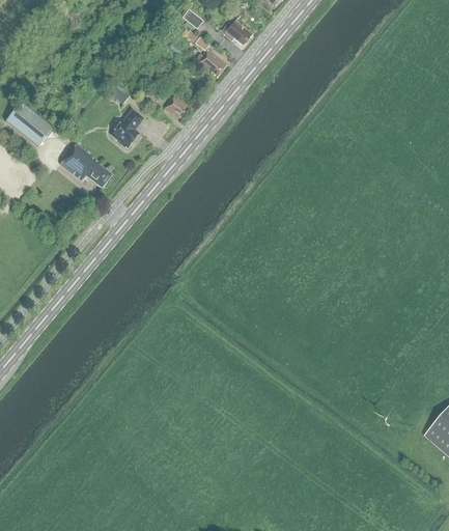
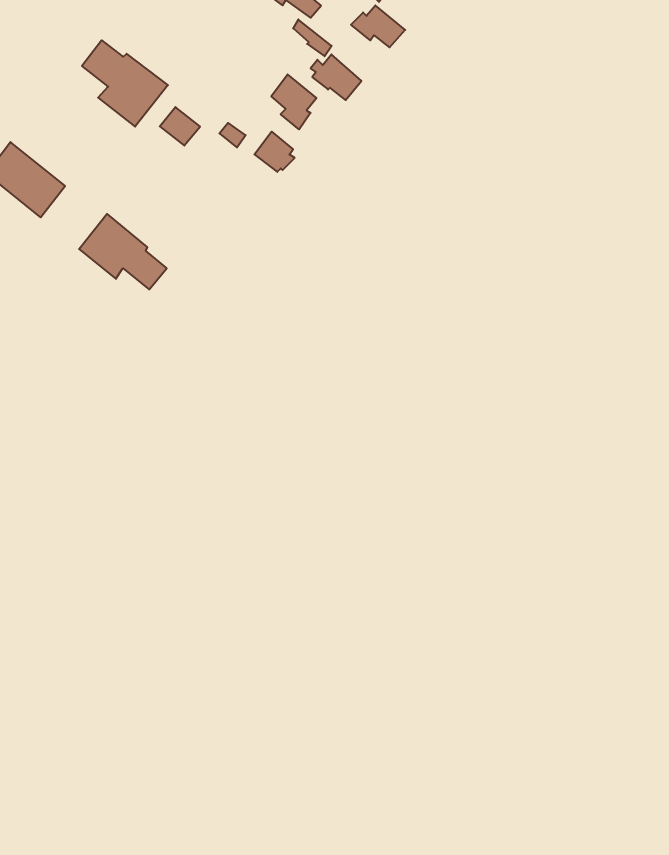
building: none -> [82,40,168,127]
building: none -> [271,74,316,129]
building: [112,109,143,146] -> none

